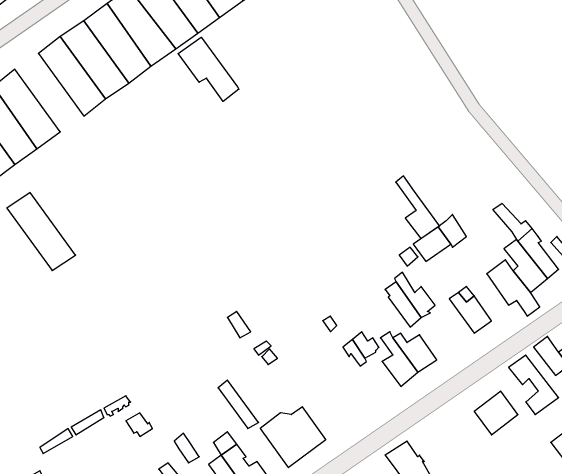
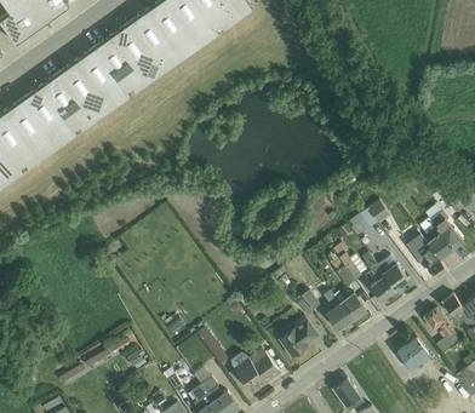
building: [178,37,239,101] -> none
building: [396,176,440,238] -> [362,253,396,302]
building: [7,193,76,271] -> [40,75,93,136]
building: none -> [279,317,320,360]

